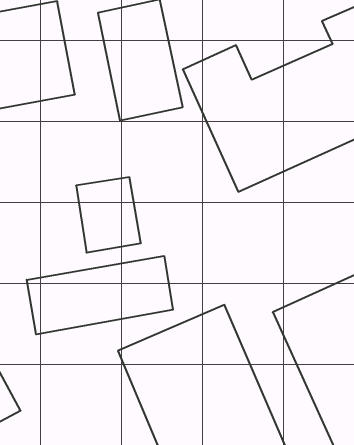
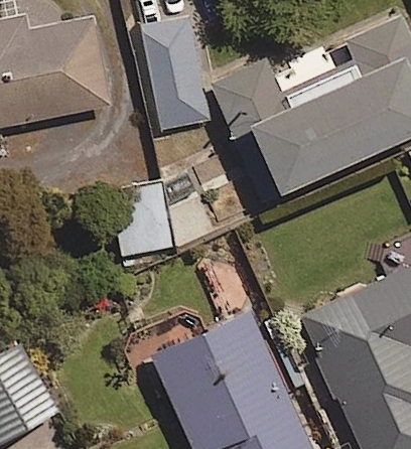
building: [27,256,173,334] -> none

